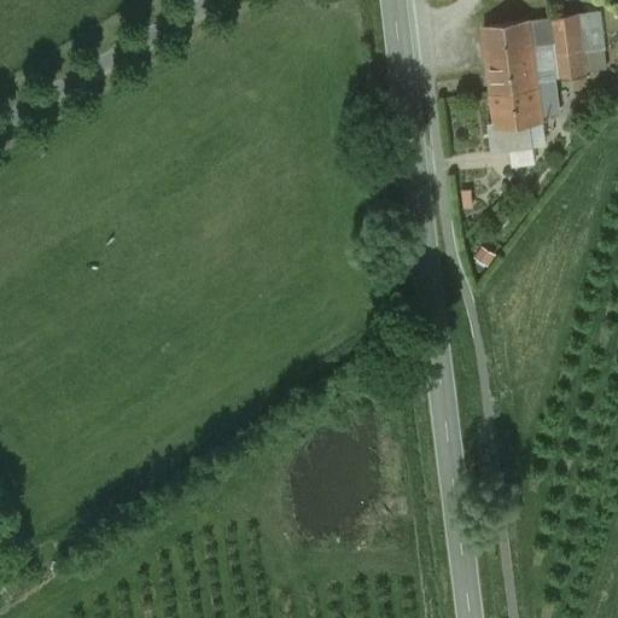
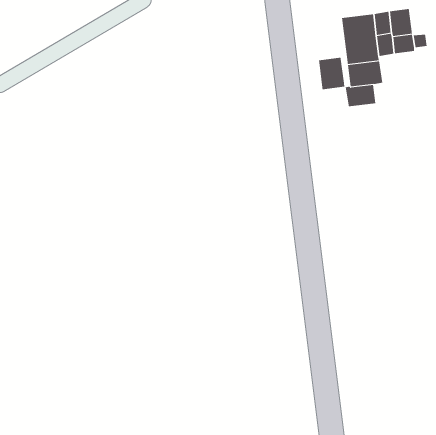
building: [579,11,604,52] -> none
building: none -> [319,57,345,90]

